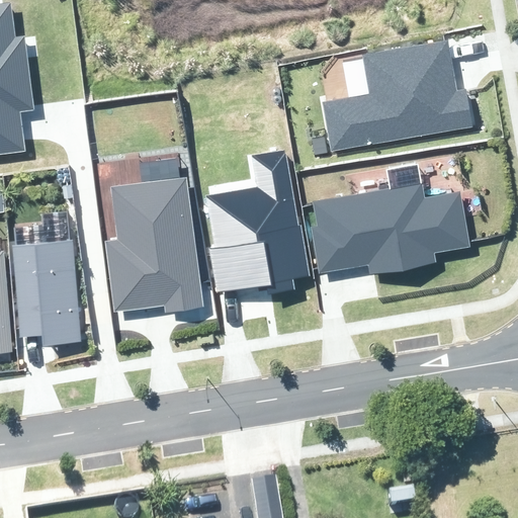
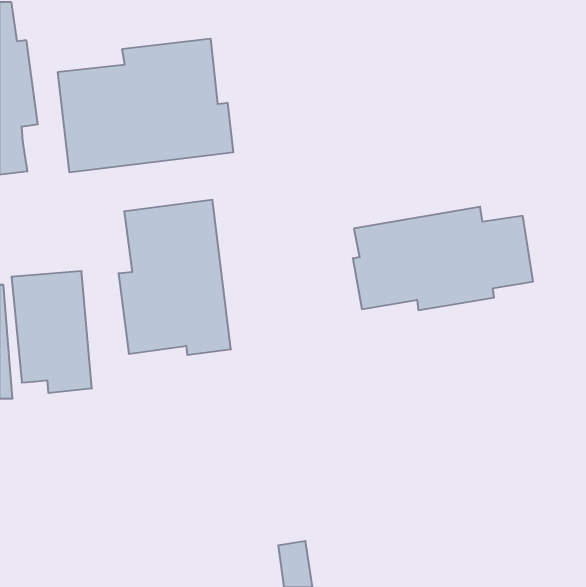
building: none -> [58,39,233,172]
building: [322,39,472,151] -> none
building: [201,149,308,292] -> none

